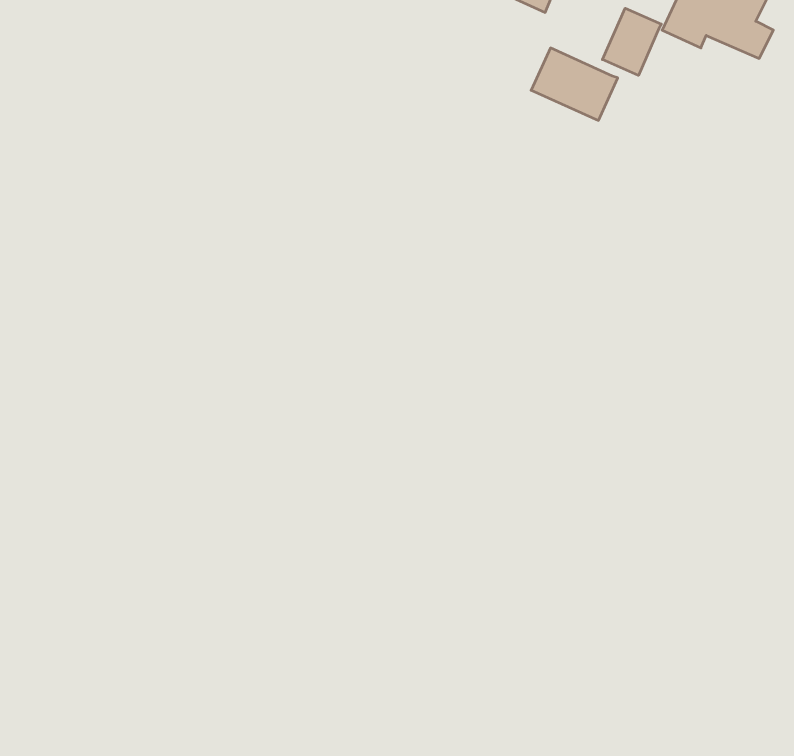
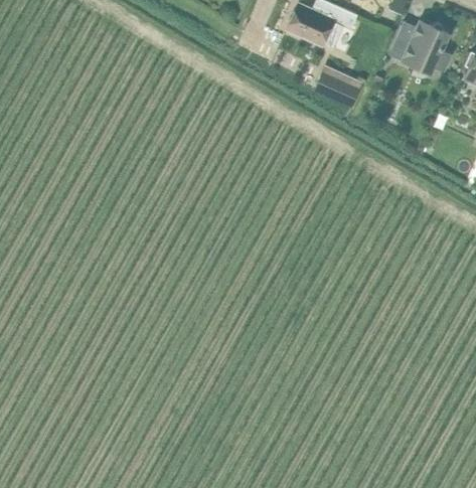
building: [602,8,661,75] -> none

